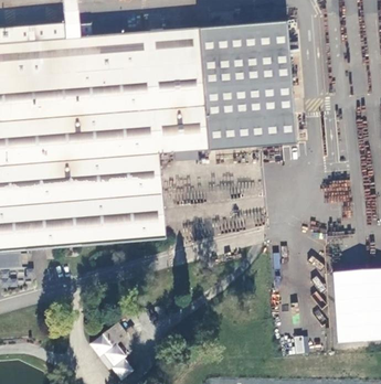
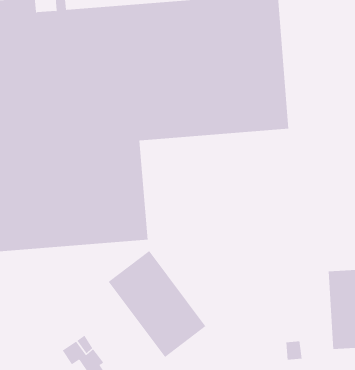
building: none -> [108,250,206,358]

